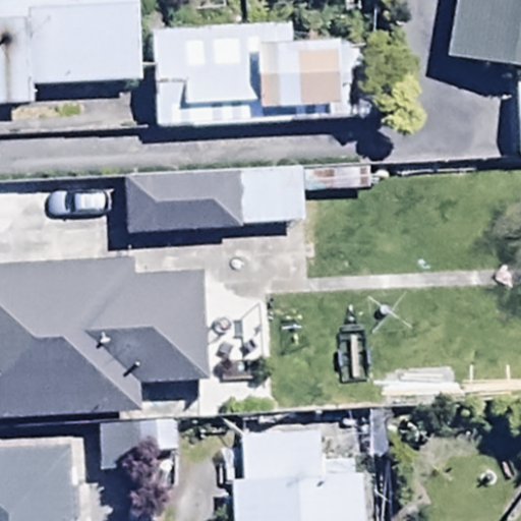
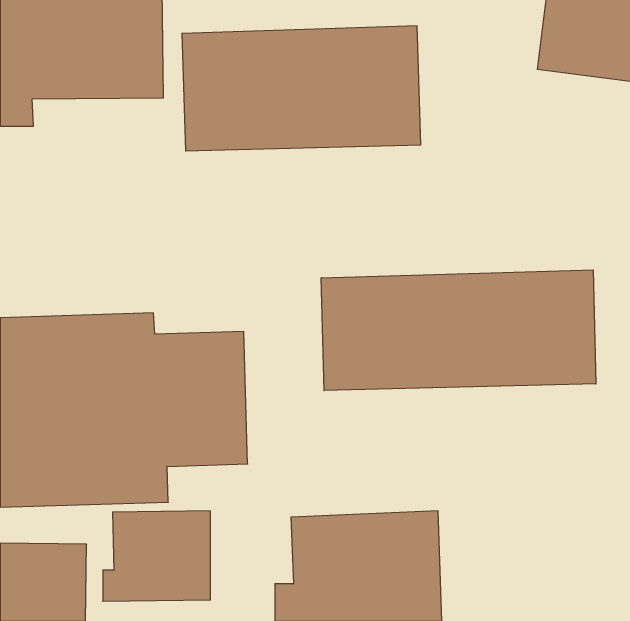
building: [124,165,370,231] -> none
building: none -> [321,270,596,391]

